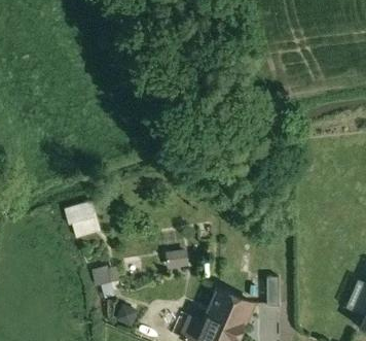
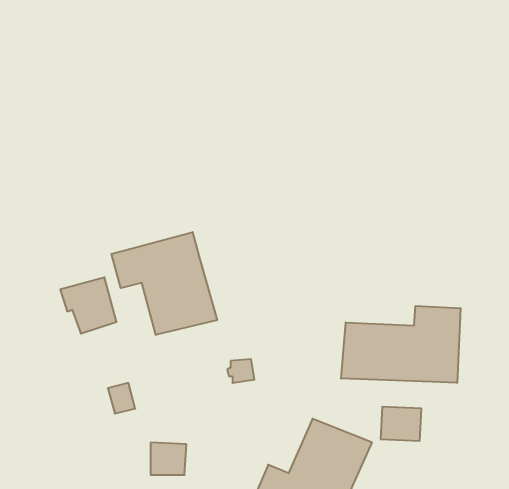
building: none -> [112,232,217,335]
building: none -> [341,306,460,383]

